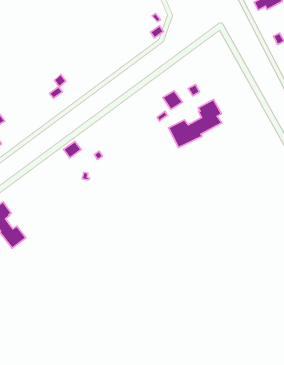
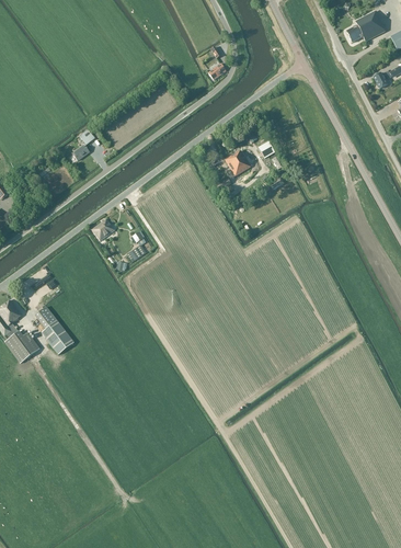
building: [168,99,222,148] -> none
building: none -> [35,306,73,354]

